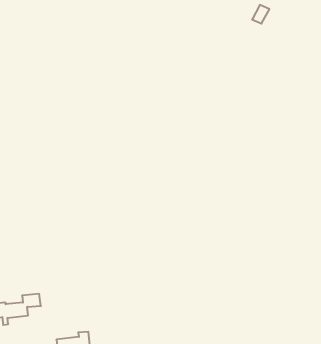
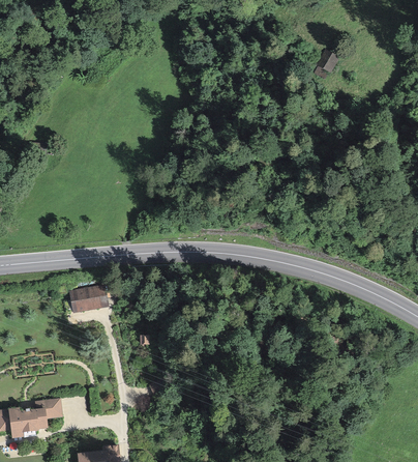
building: none -> [67,284,107,311]

